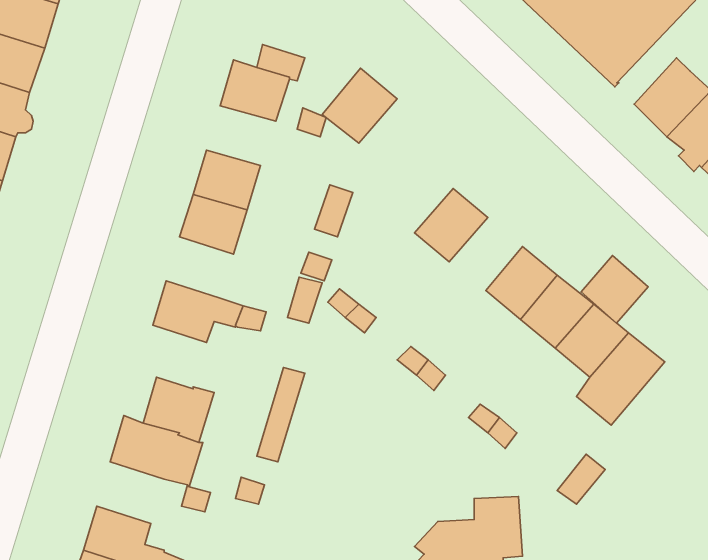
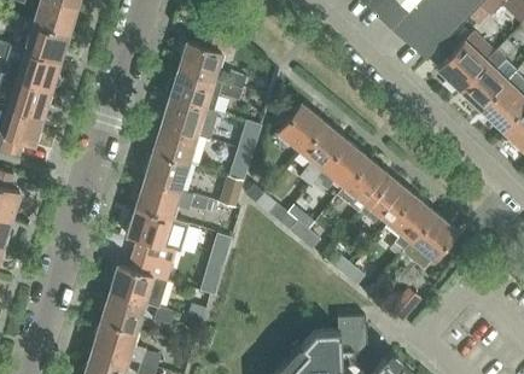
building: [322,68,397,143] -> [276,104,324,151]
building: none -> [169,71,212,109]
building: none -> [321,141,367,187]
building: none -> [144,153,186,192]
building: [581,256,648,323] -> none
building: none -> [126,209,169,249]
building: none -> [100,294,142,333]

